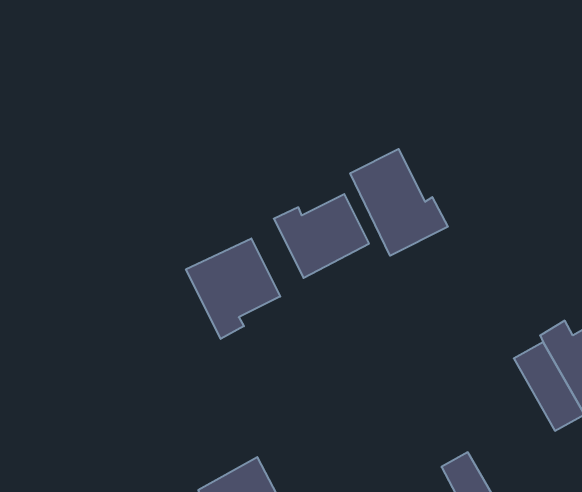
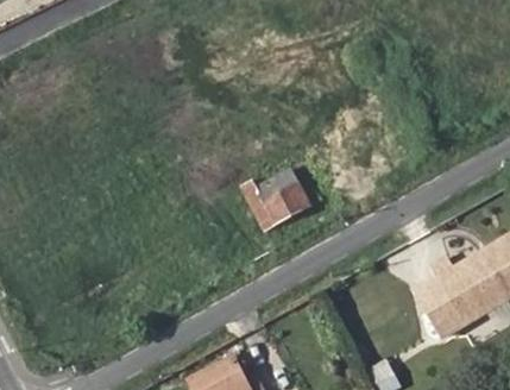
building: [350,149,448,256] -> none
building: [186,238,280,339] -> none

